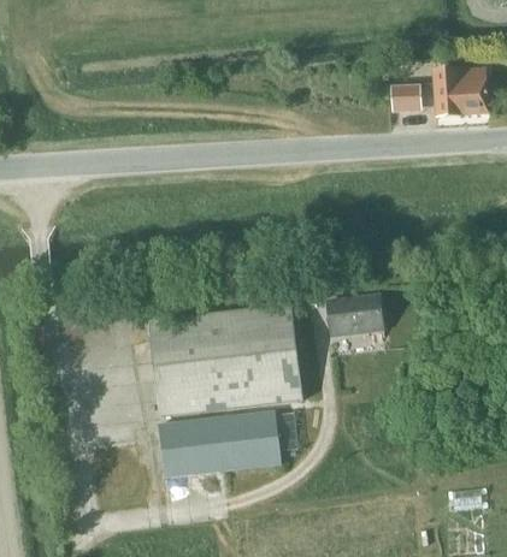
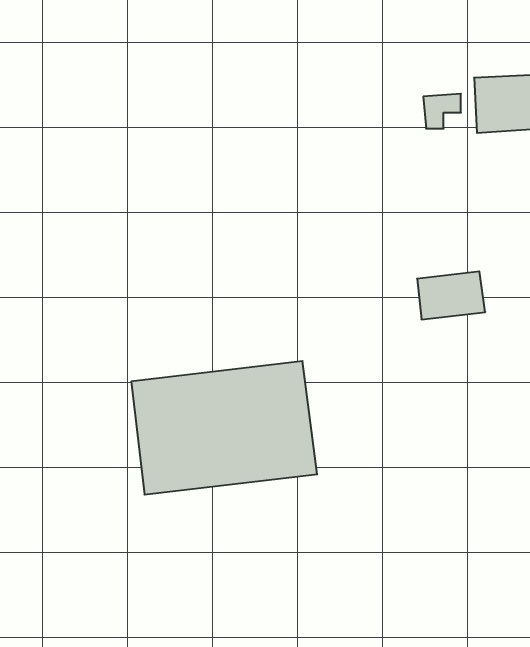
building: [326,294,383,333] -> [417,271,485,319]
building: [158,410,281,475] -> none

